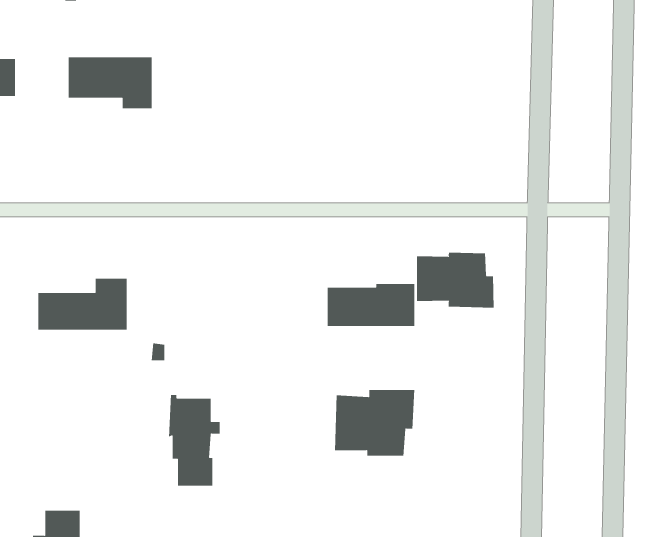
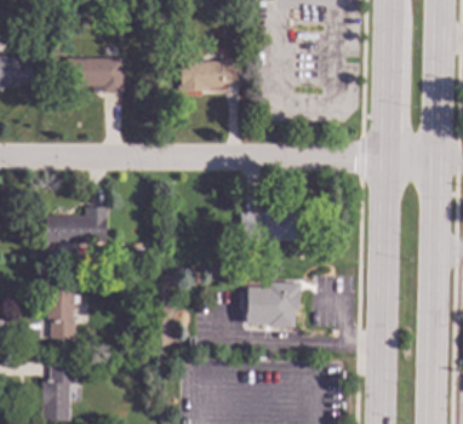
building: none -> [178,58,241,90]
building: [416,252,494,309] -> none
building: [168,394,220,486] -> [45,276,80,338]

